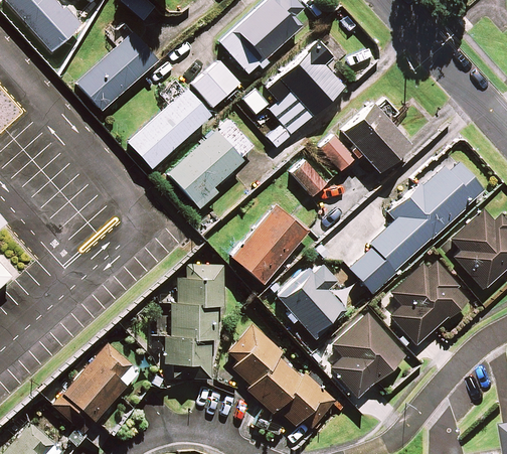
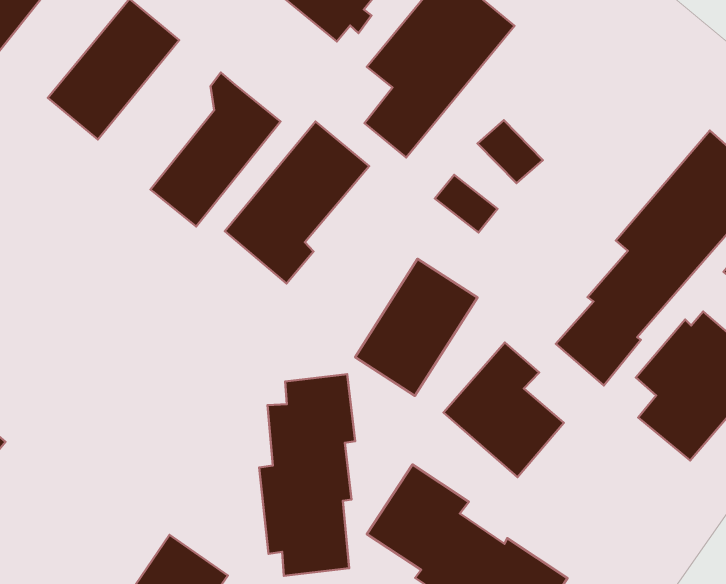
building: [193,60,240,107] -> none
building: [341,103,408,171] -> none
building: [320,312,405,397] -> none

